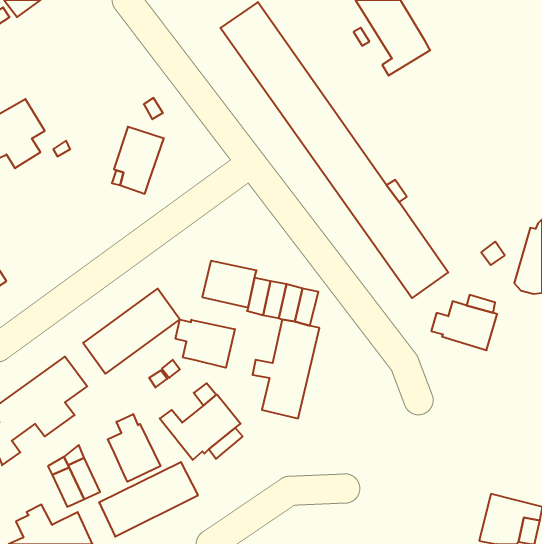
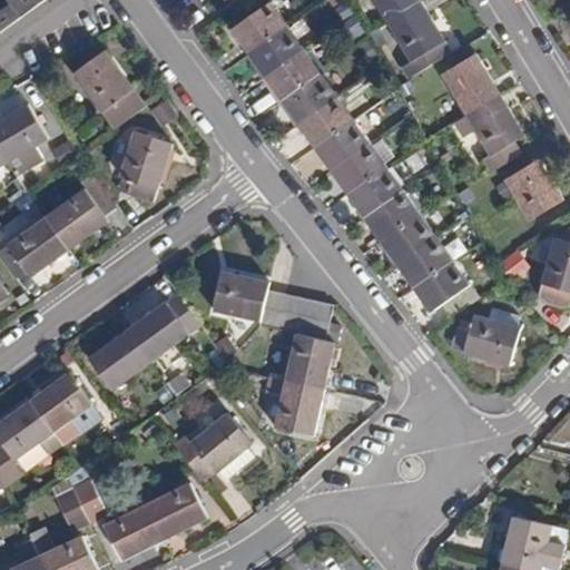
building: none -> [72,51,144,130]
building: none -> [440,53,524,171]
building: none -> [504,159,562,220]
building: none -> [6,175,115,277]
building: [175,319,235,368] -> none
building: [108,414,160,482] -> none

